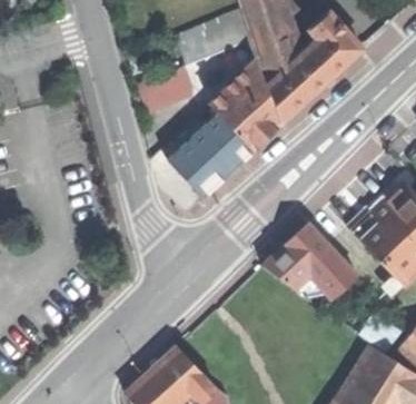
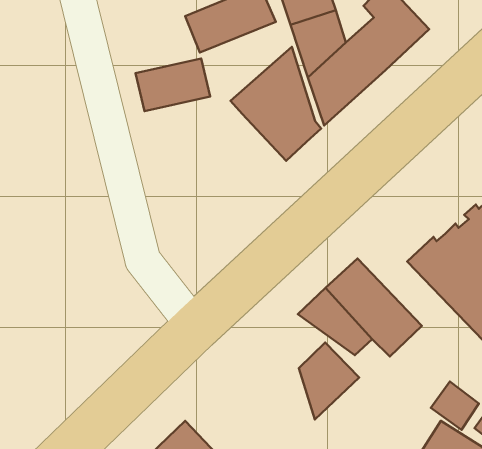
building: [170,112,254,194] -> none
building: none -> [299,342,359,419]

